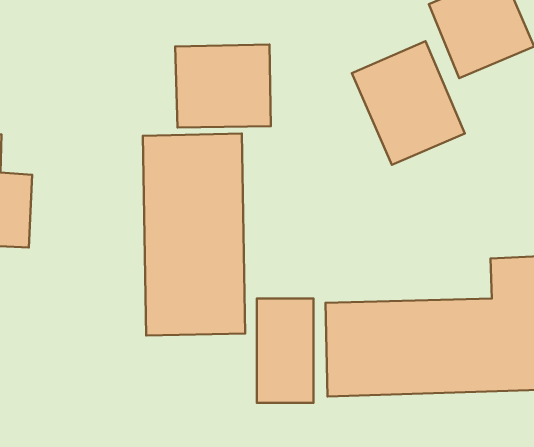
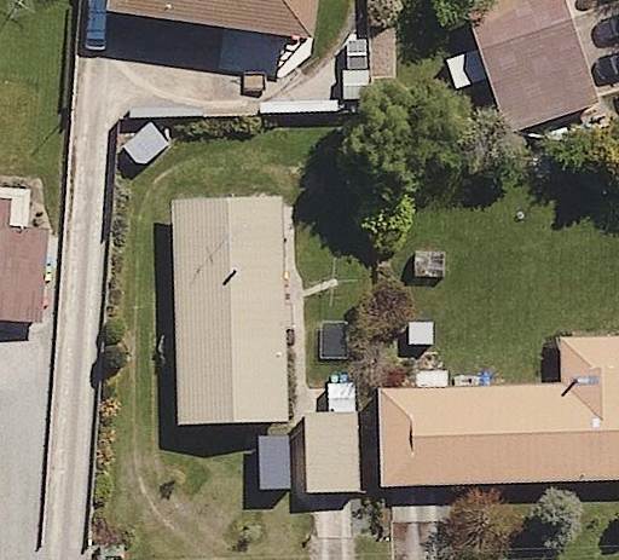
building: [352,41,465,165] -> none
building: [175,45,271,128] -> none

